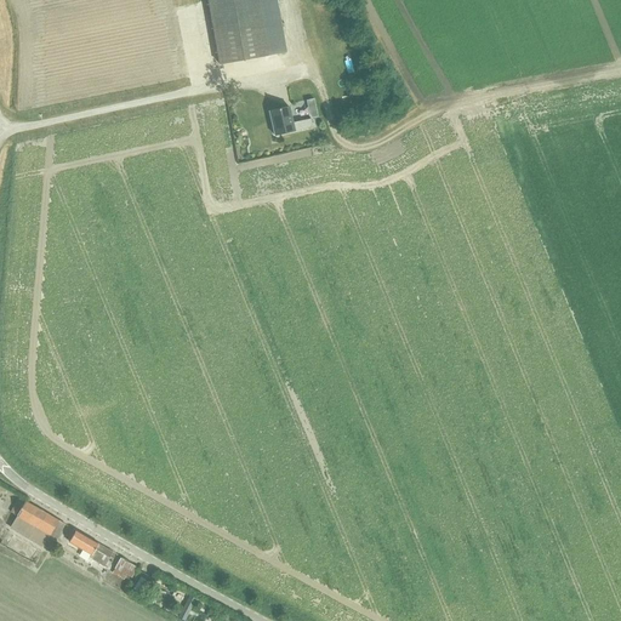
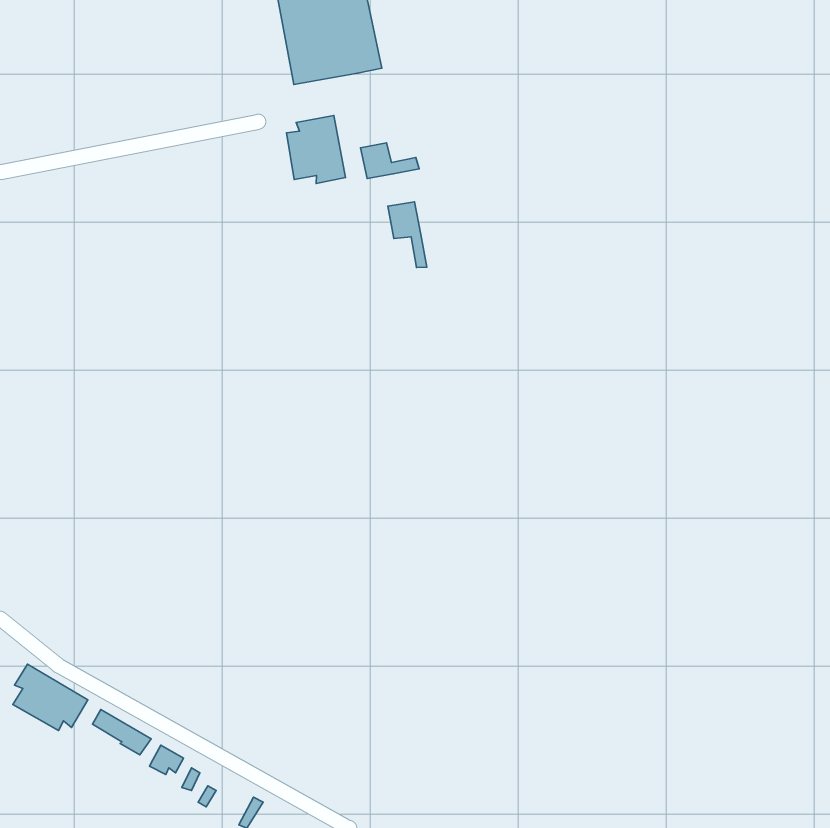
building: none -> [287,116,345,183]
building: none -> [388,202,427,268]

